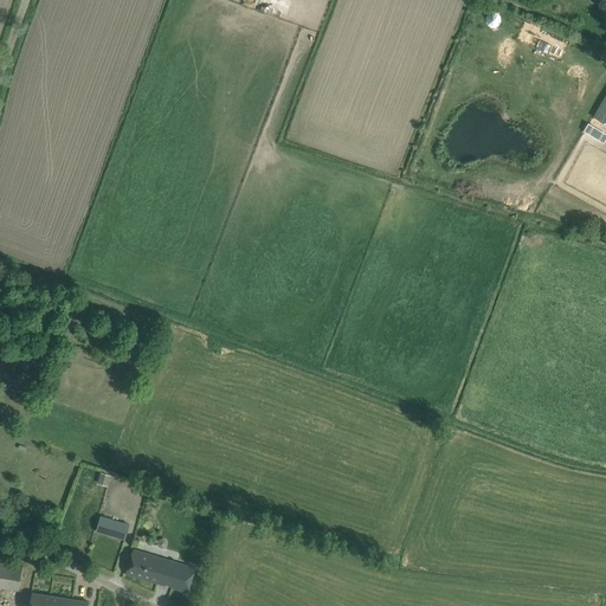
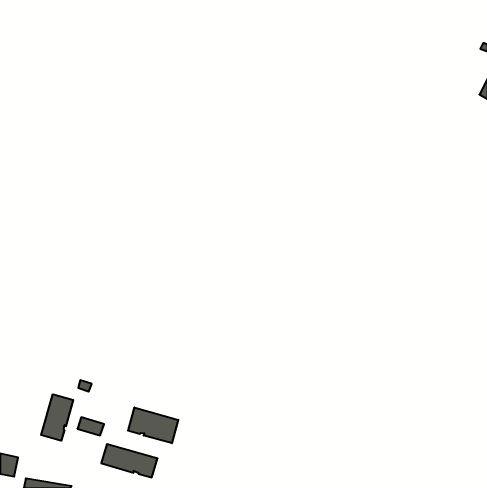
building: none -> [41,394,73,441]
building: none -> [128,407,178,443]

